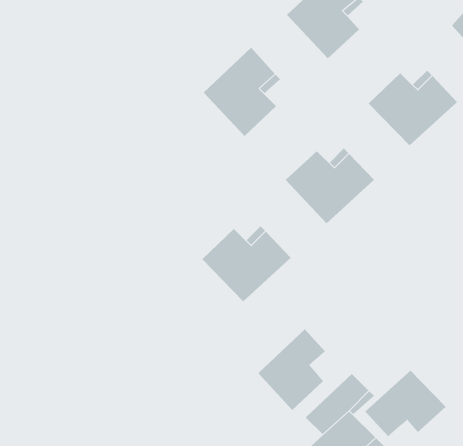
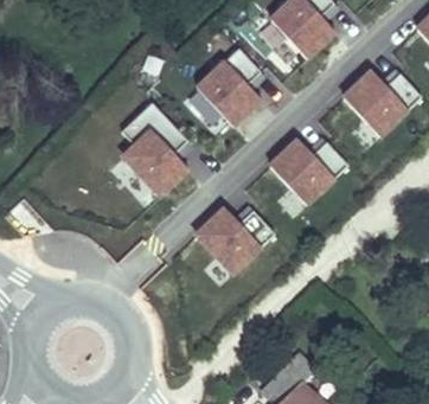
building: none -> [119,103,186,197]
building: [257,328,326,411] -> none
building: [364,370,446,437] -> none

